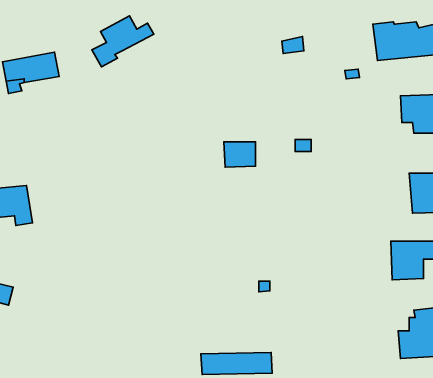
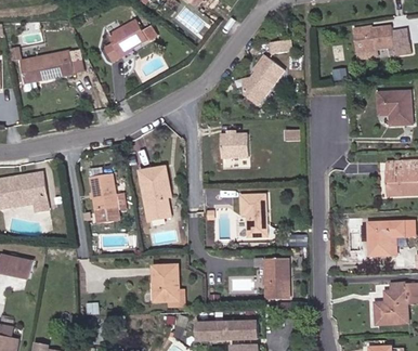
building: none -> [240,55,284,106]
building: none -> [140,168,171,219]
building: none -> [88,171,122,220]
building: none -> [239,196,267,236]
building: none -> [263,258,289,299]
building: none -> [152,263,185,308]

